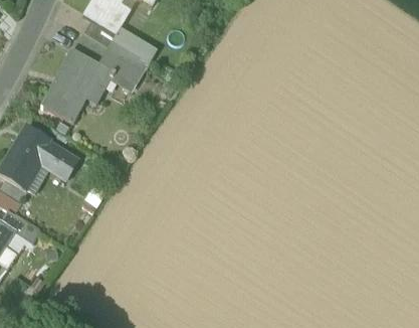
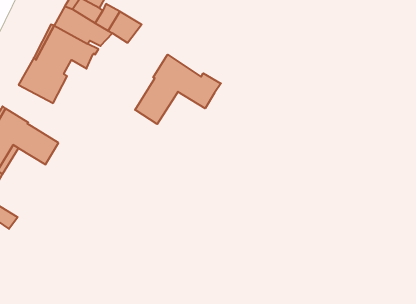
building: [104,57,142,91] -> none
building: none -> [135,55,221,124]

